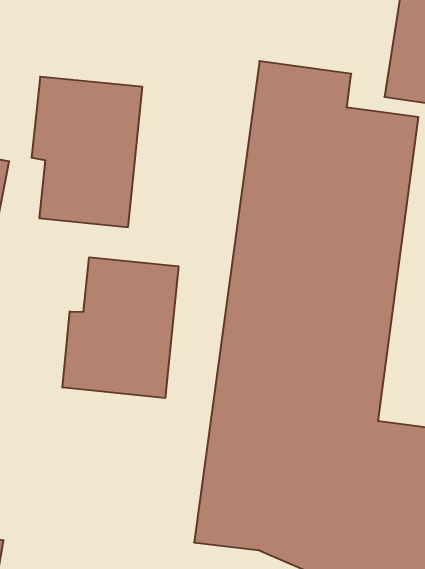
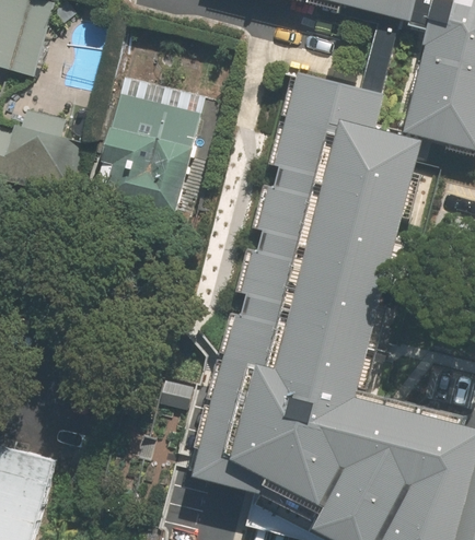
building: [62,257,179,398] -> none

